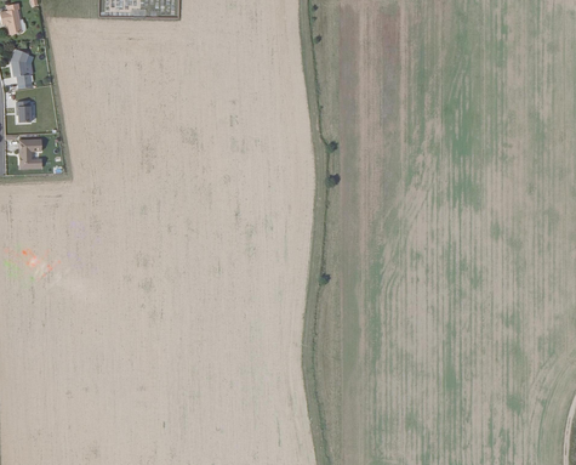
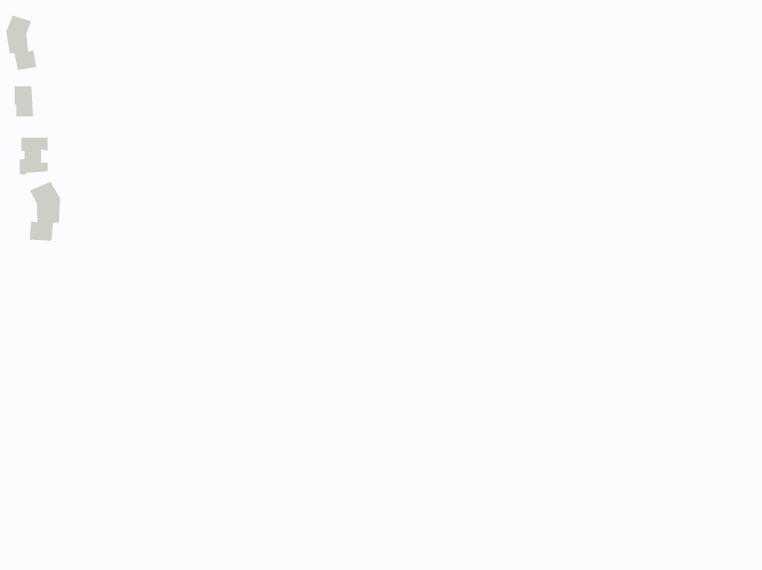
building: none -> [29,181,61,241]

